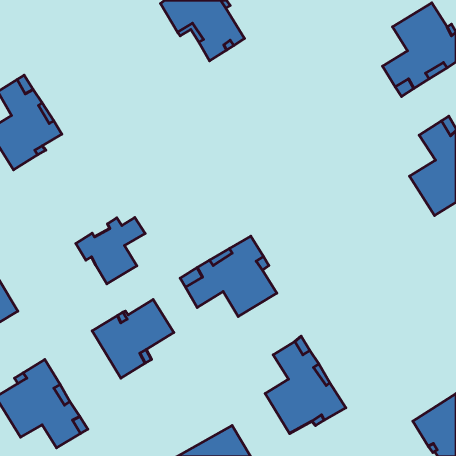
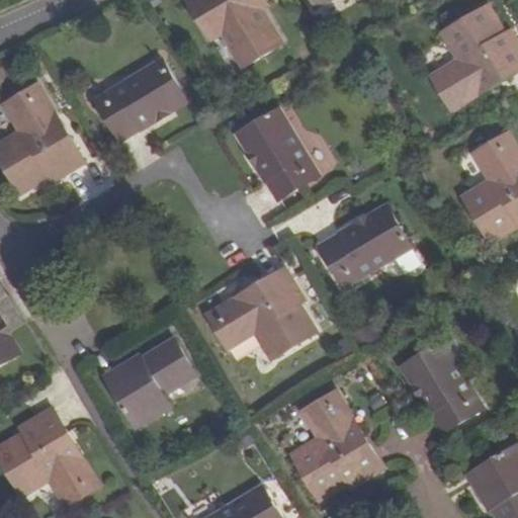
building: none -> [92,59,184,142]
building: none -> [241,105,322,196]
building: none -> [319,205,411,287]
building: [76,217,145,284] -> none
building: none -> [413,333,493,425]

